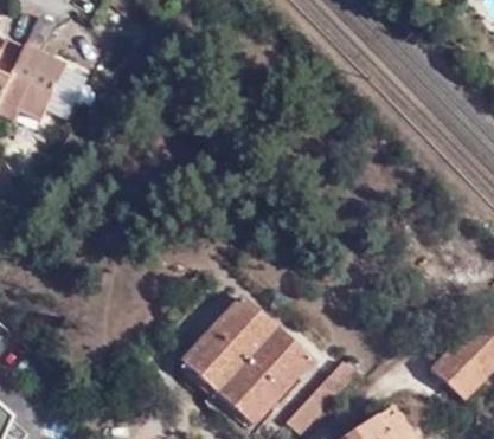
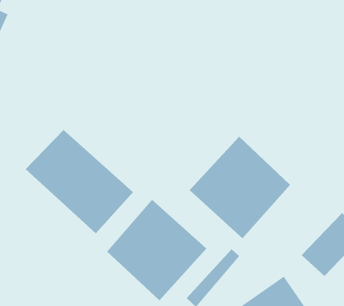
building: none -> [25,129,134,234]
building: none -> [189,136,291,239]

